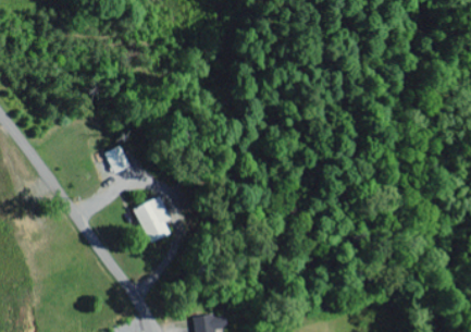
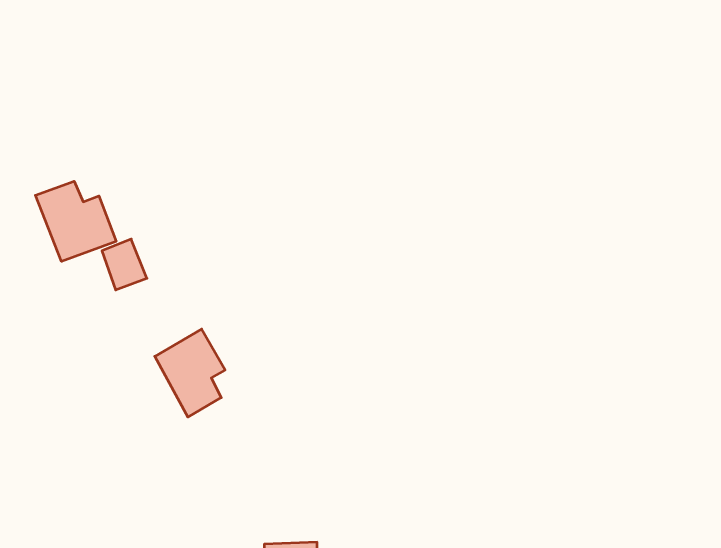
building: none -> [35,181,116,261]

